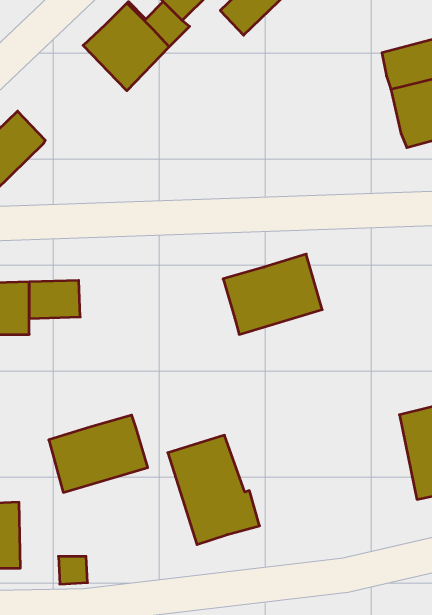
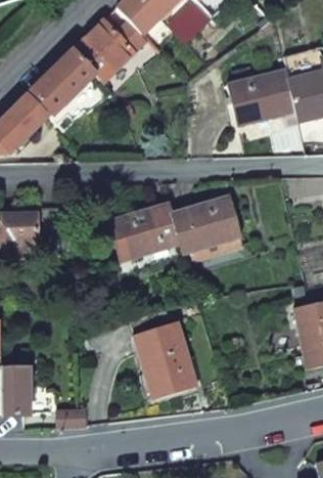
building: none -> [31,48,97,115]
building: none -> [227,70,296,125]
building: [49,415,148,492] -> [110,203,180,257]

